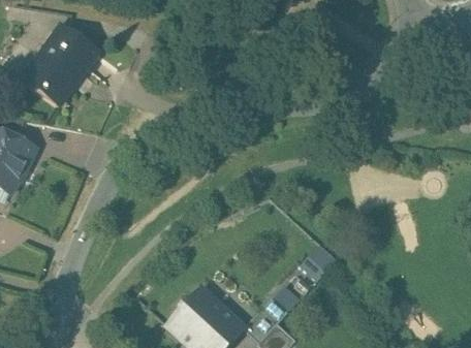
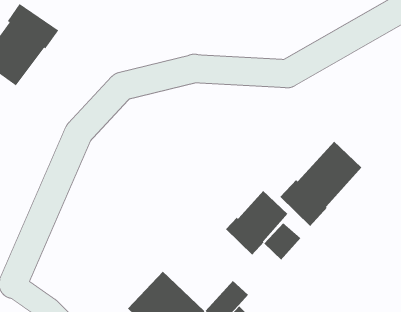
building: none -> [280,141,362,227]
building: none -> [225,190,288,256]

